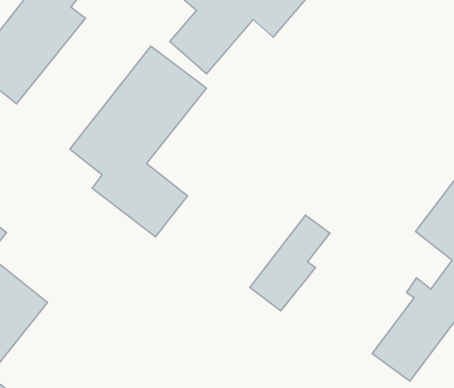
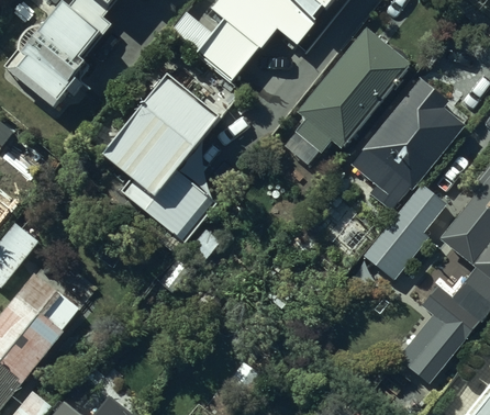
building: none -> [294,26,414,154]
building: none -> [350,79,464,210]
building: [250,215,330,311] -> [367,186,446,280]

